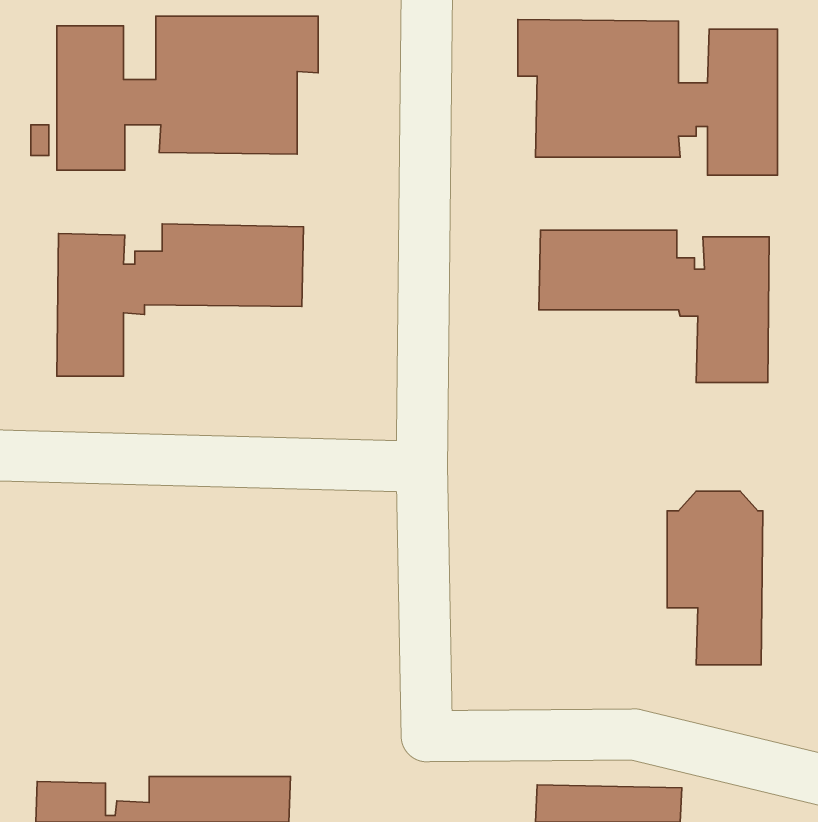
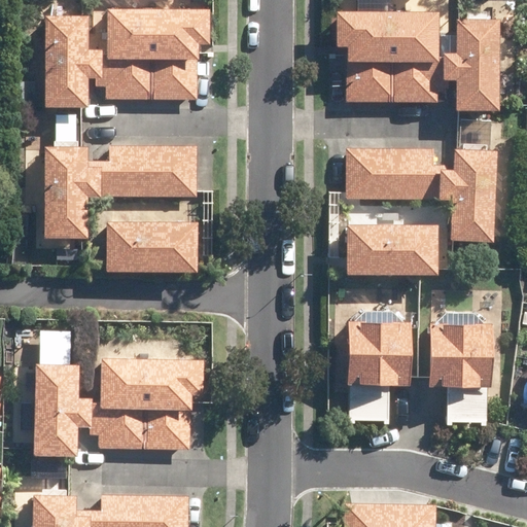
building: none -> [105,223,196,274]
building: none -> [346,225,437,276]
building: none -> [351,311,413,421]
building: none -> [33,360,201,458]

